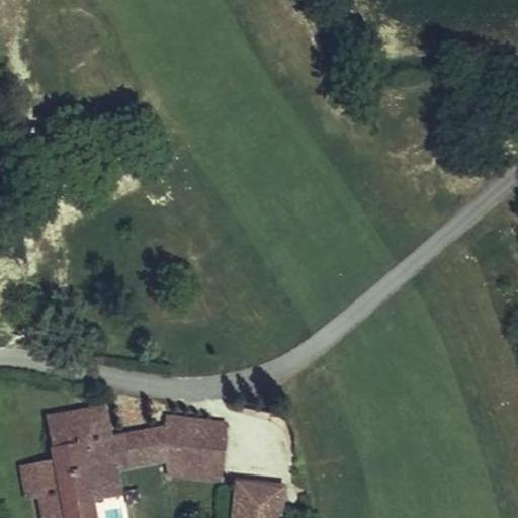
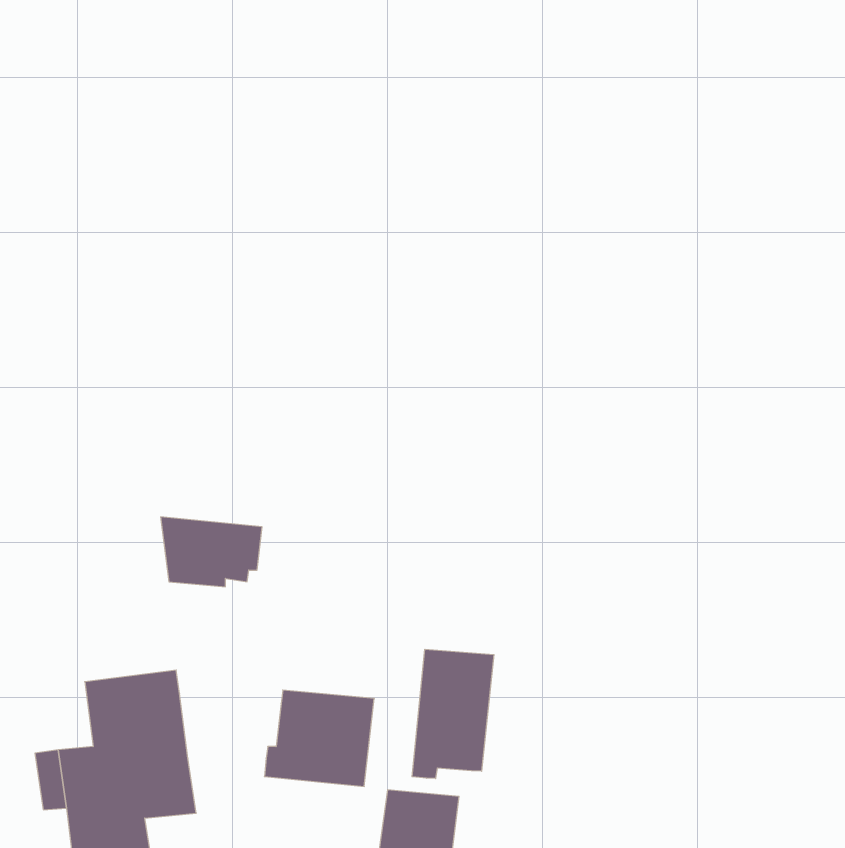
building: none -> [412,649,494,779]
building: [109,423,171,465] -> [161,517,262,587]

